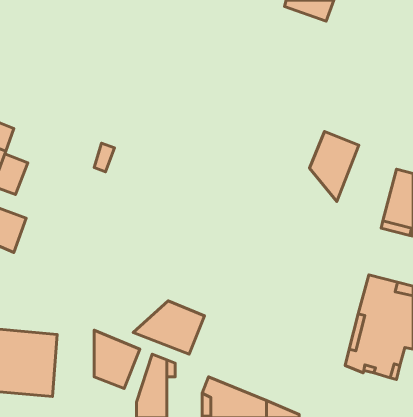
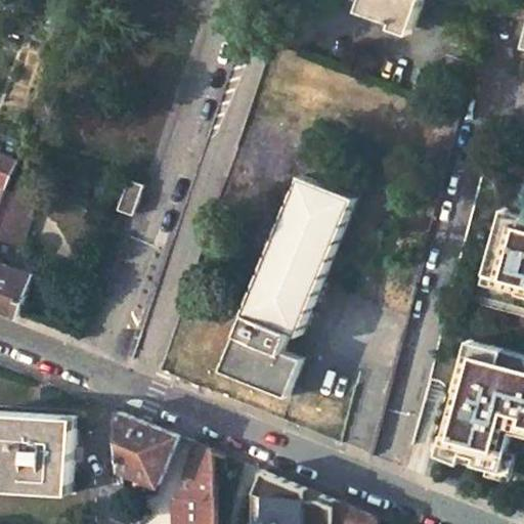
building: [310,131,359,201] -> none
building: none -> [219,177,352,395]
building: [133,301,205,354] -> none

